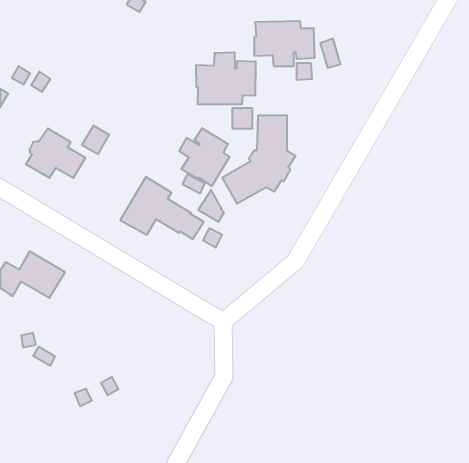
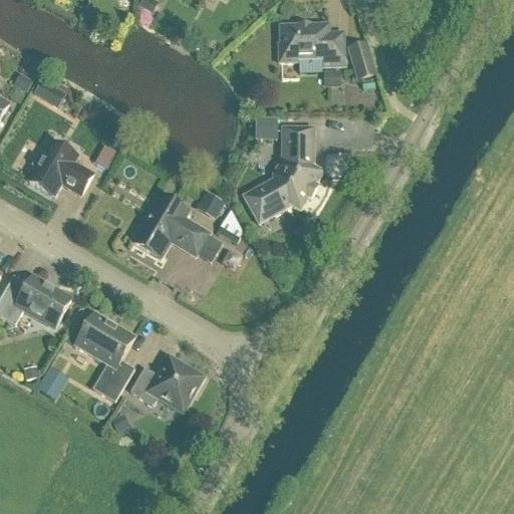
building: [196,52,255,104] -> none
building: [179,128,229,186] -> none
building: none -> [74,311,135,401]
building: none -> [130,357,205,410]

